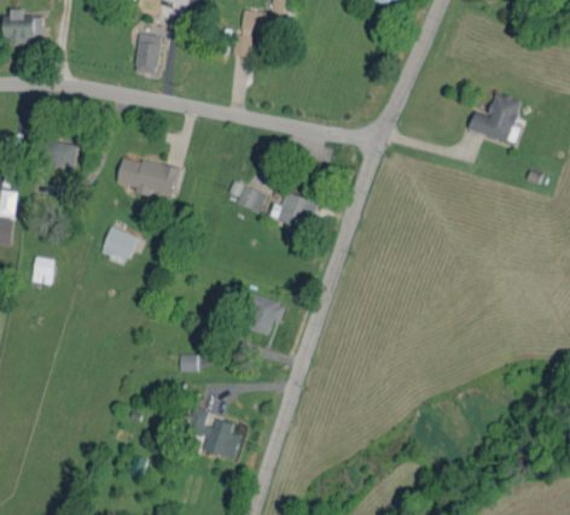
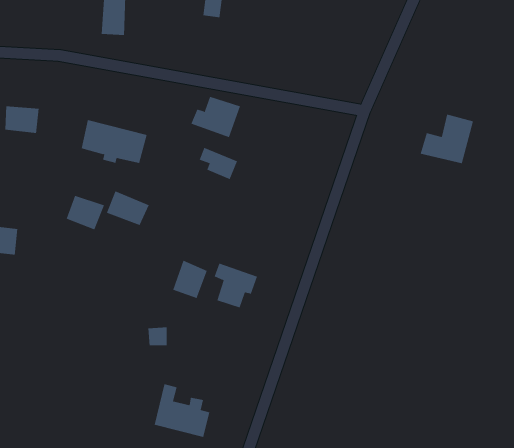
building: [467,93,519,141] -> [420,114,474,164]
building: [268,192,316,232] -> [191,96,241,138]
building: none -> [106,190,149,226]
building: none -> [172,260,207,299]

